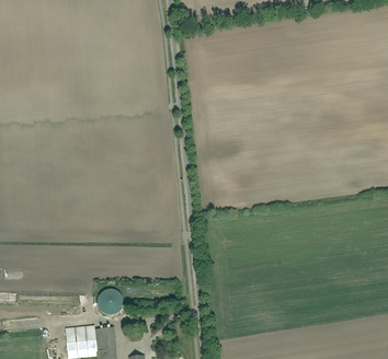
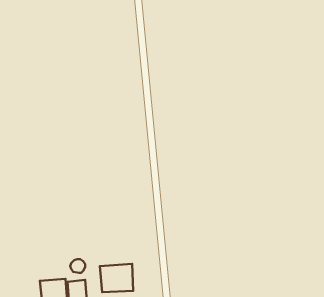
building: none -> [100,264,133,292]

